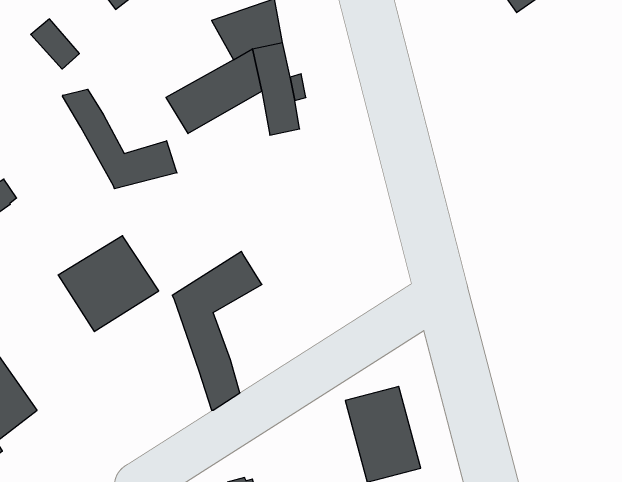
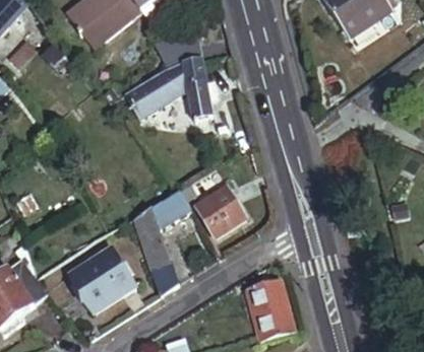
building: [62,89,177,189] -> none
building: [58,236,159,332] -> [68,248,133,309]
building: none -> [194,187,244,237]

